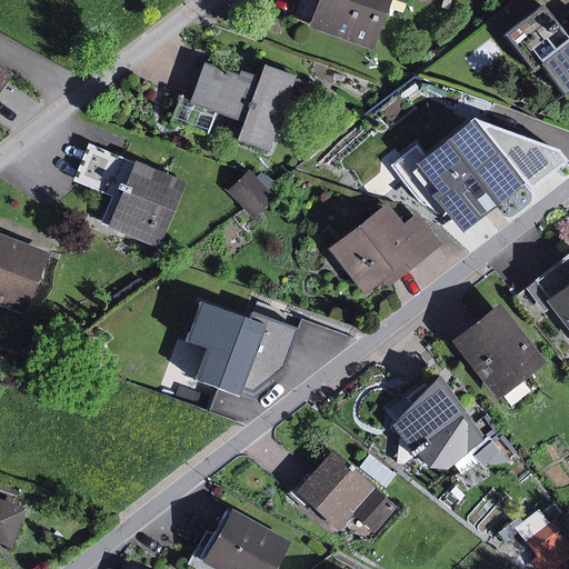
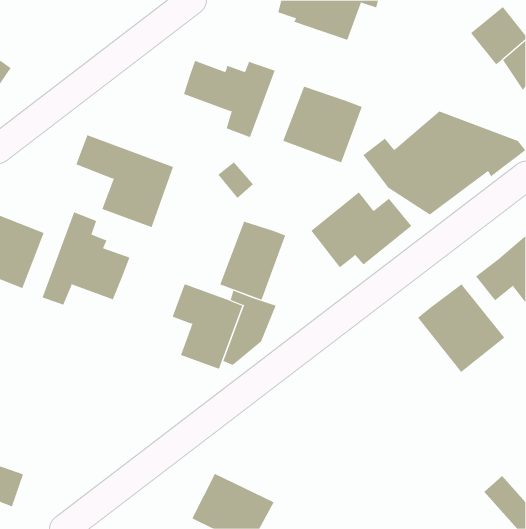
building: none -> [283,86,362,163]
building: none -> [42,211,130,306]
building: none -> [220,221,286,300]
building: [395,373,488,467] -> none
building: [297,449,396,528] -> none

